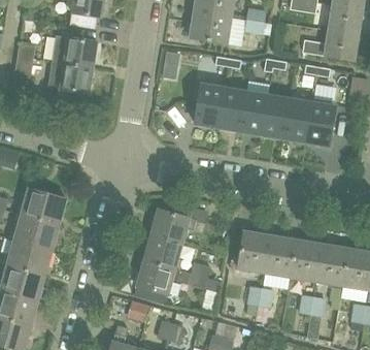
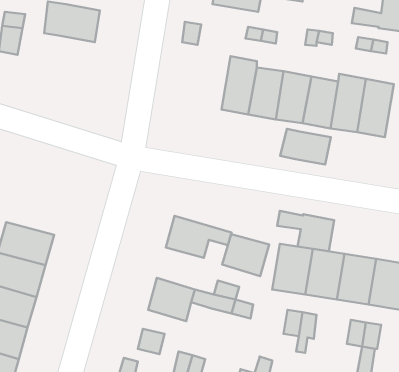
building: [47,61,93,94] -> none
building: none -> [280,129,331,165]
building: [21,189,66,225] -> none
building: none -> [277,211,334,251]
building: [143,235,181,269] -> [222,234,269,276]

